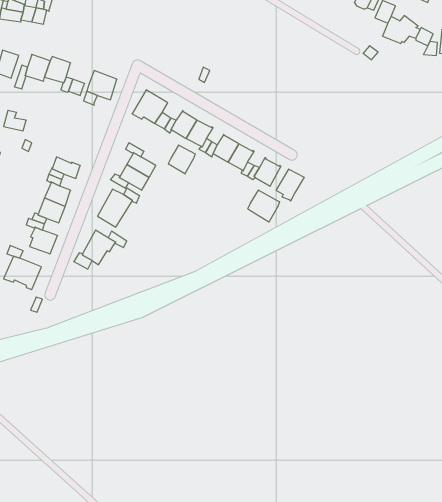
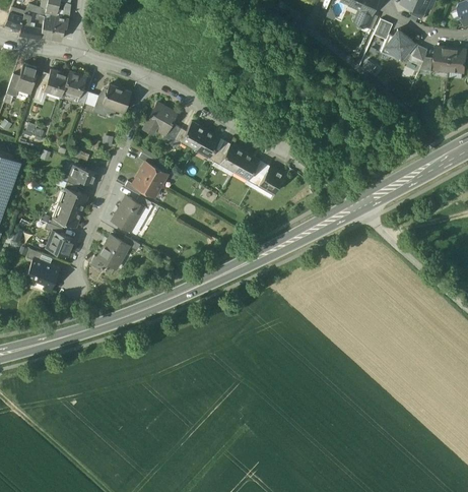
building: [168,145,195,174] -> none
building: [276,169,304,201] -> none
building: [248,190,280,222] -> none

